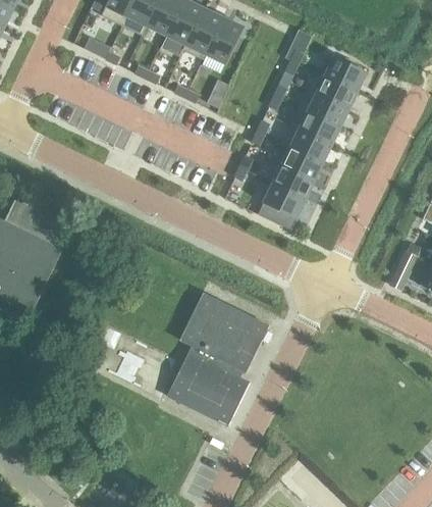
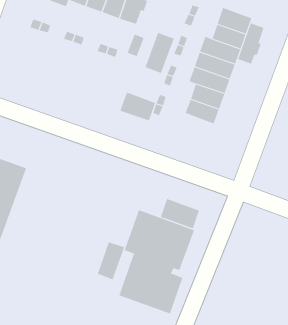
building: none -> [145,32,174,74]
building: none -> [238,22,264,64]
building: [261,181,307,219] -> [119,92,156,121]
building: none -> [160,198,200,229]
building: none -> [97,241,125,280]

